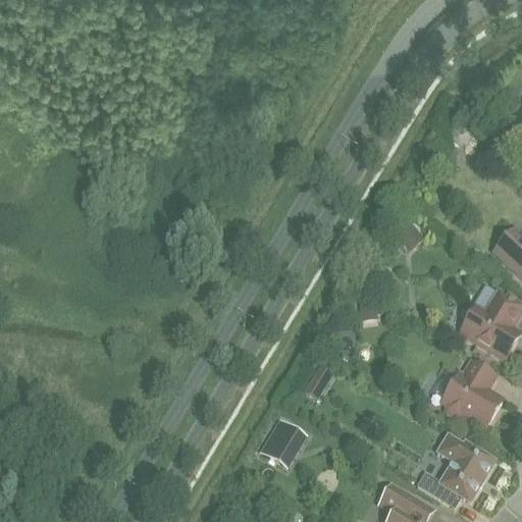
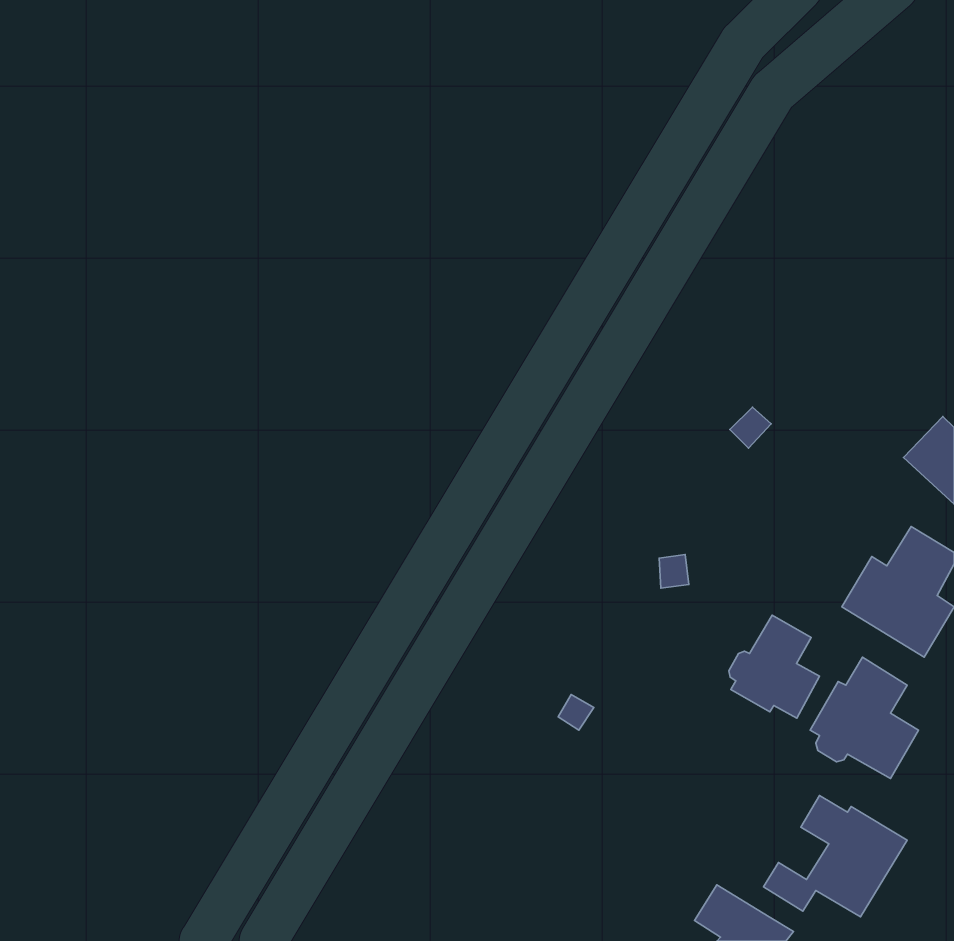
building: none -> [729,615,820,718]
building: [262,420,297,460] -> none

